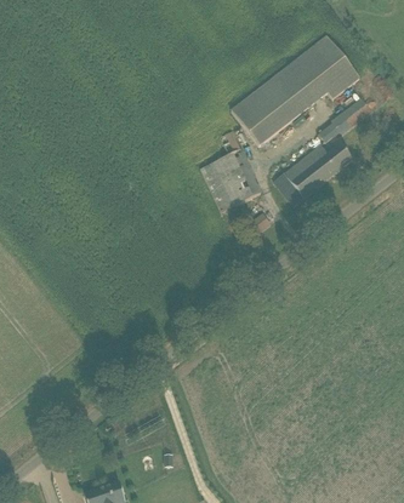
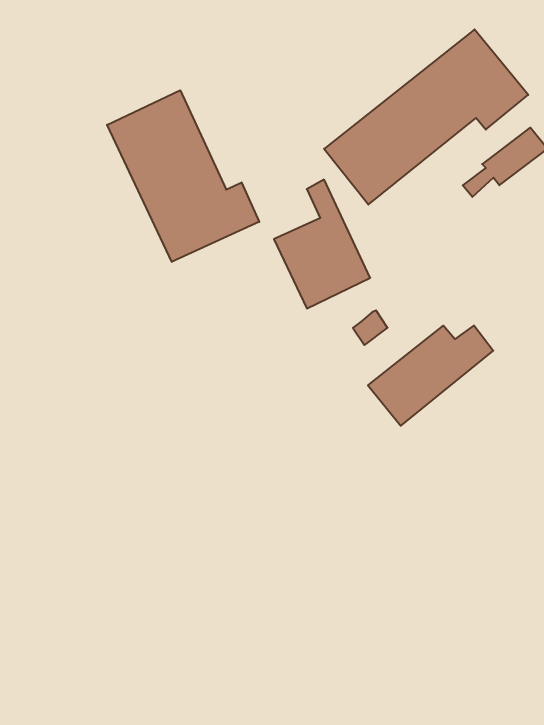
building: none -> [107,90,259,262]
building: [274,142,353,205] -> [368,326,493,426]

